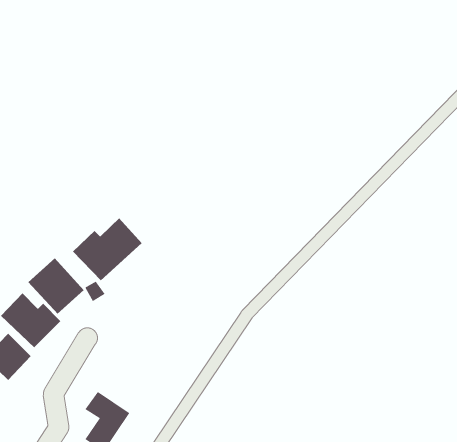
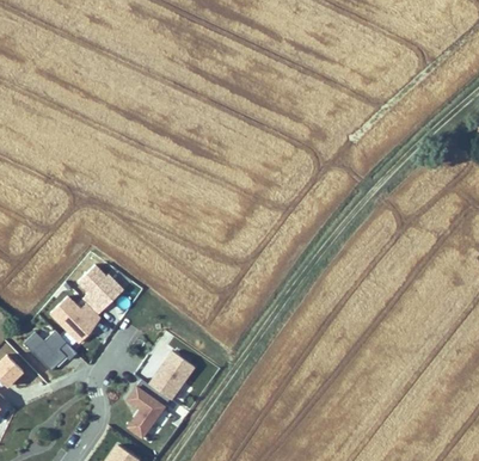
building: [72,217,142,281] -> none
building: none -> [148,350,196,401]

